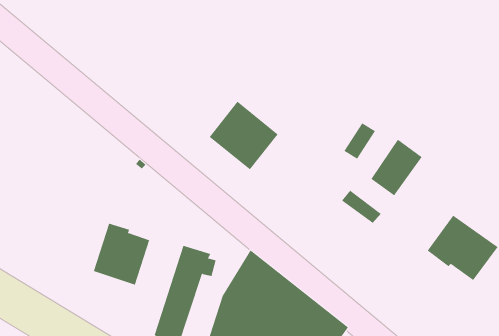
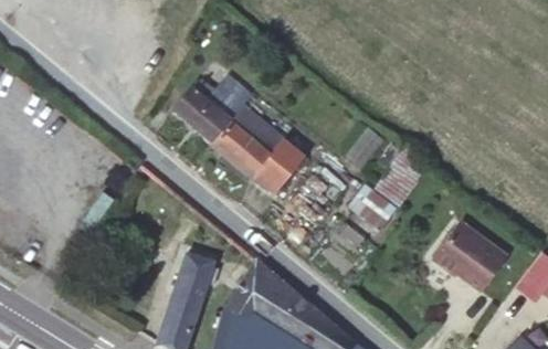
building: none -> [173,75,252,142]
building: none -> [255,139,304,191]
building: [93,223,150,286] -> none

